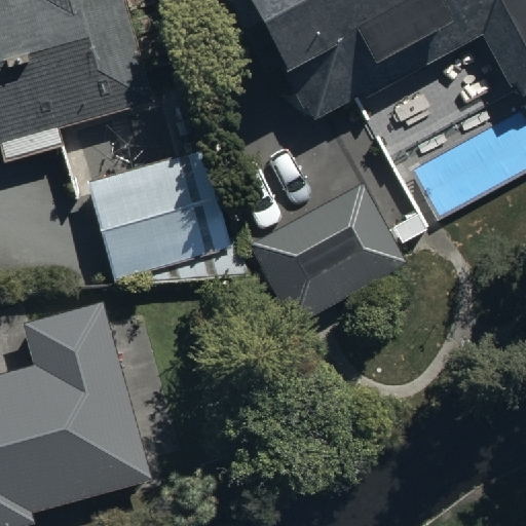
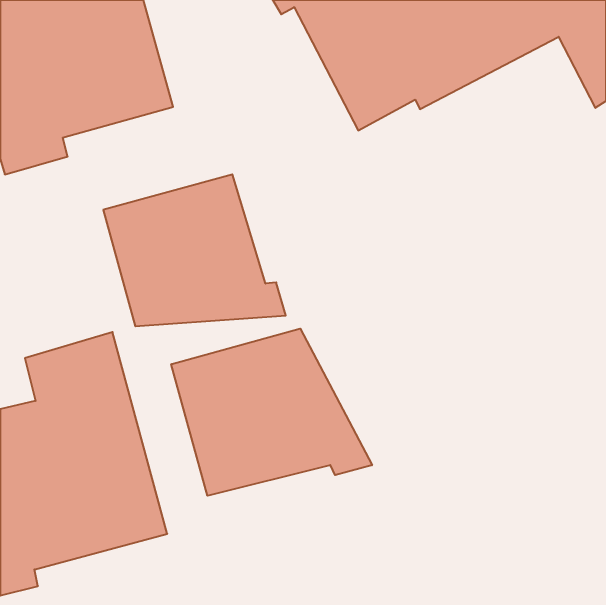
building: [251,180,401,317] -> none
building: none -> [171,329,372,496]

